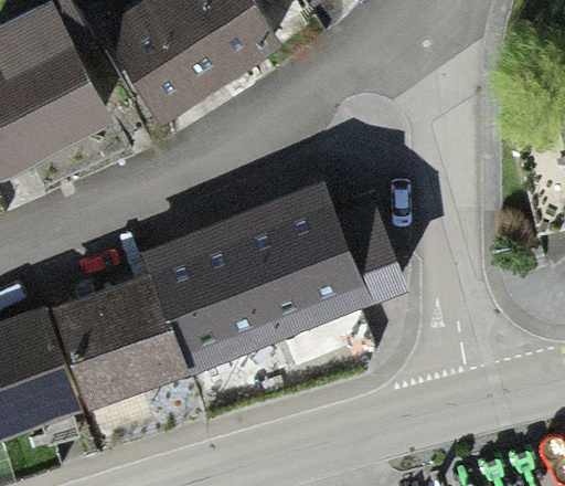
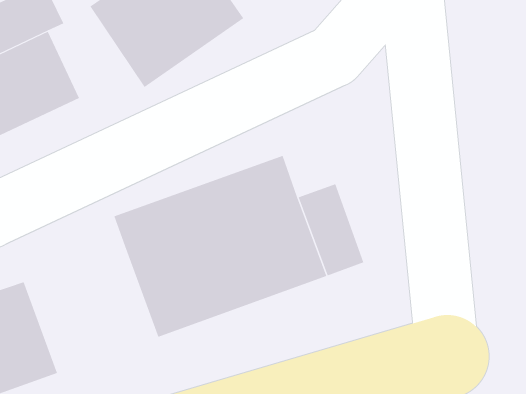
building: [36,283,177,416] -> none

